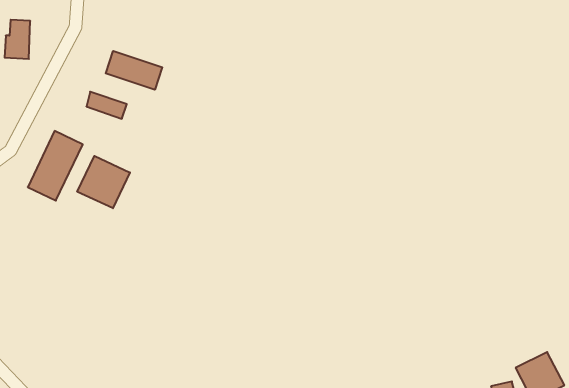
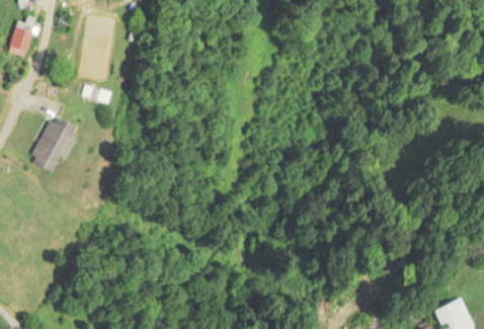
building: [106,51,162,90] -> none
building: [77,156,130,208] -> none

